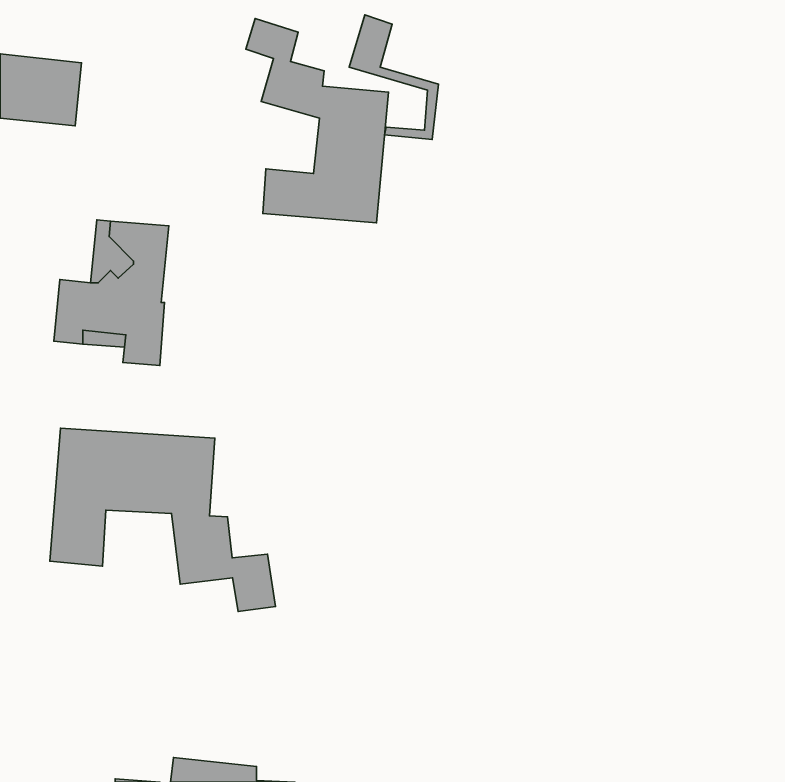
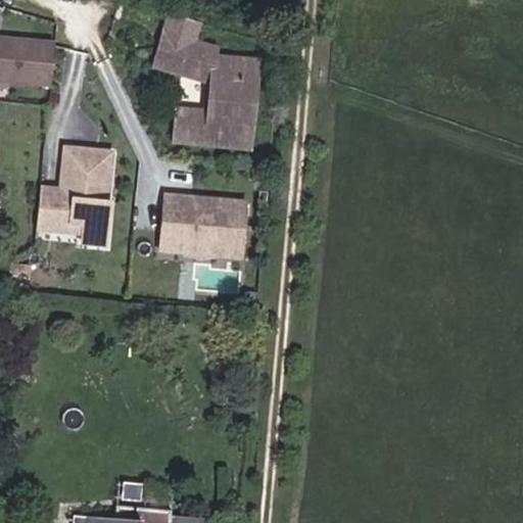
building: [349,15,438,139] -> [153,33,212,115]
building: none -> [159,194,246,258]
building: [50,428,275,612] -> none

